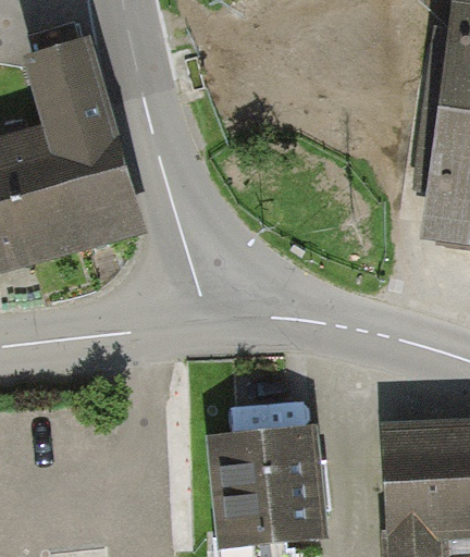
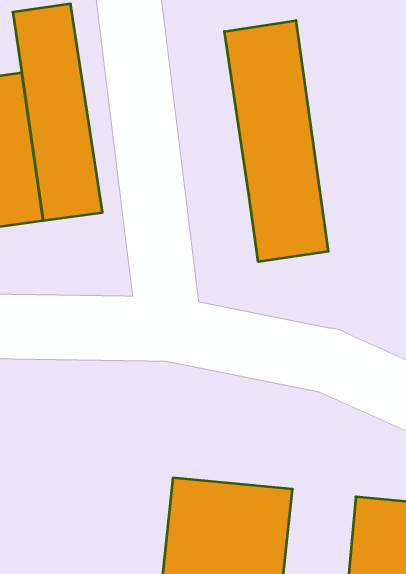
building: none -> [224,20,328,262]

